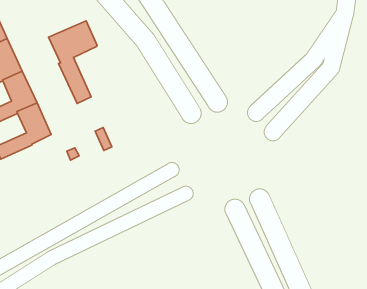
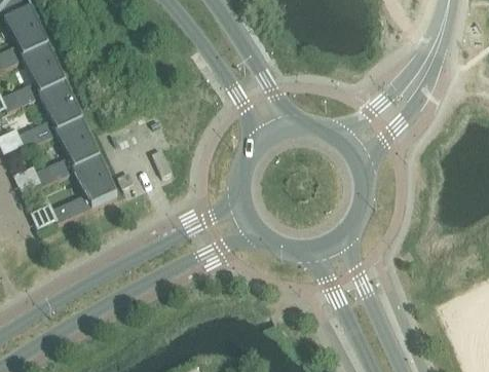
building: [49,21,97,104] -> none
building: none -> [52,159,118,225]

